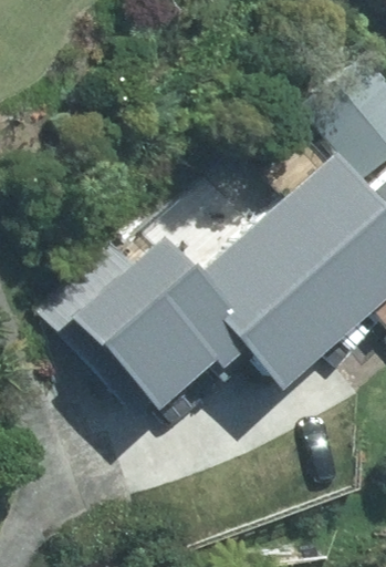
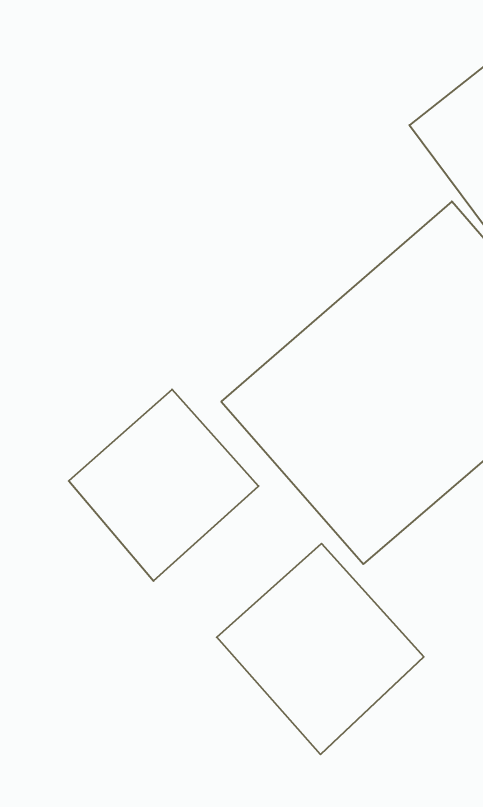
building: none -> [217,544,424,754]

